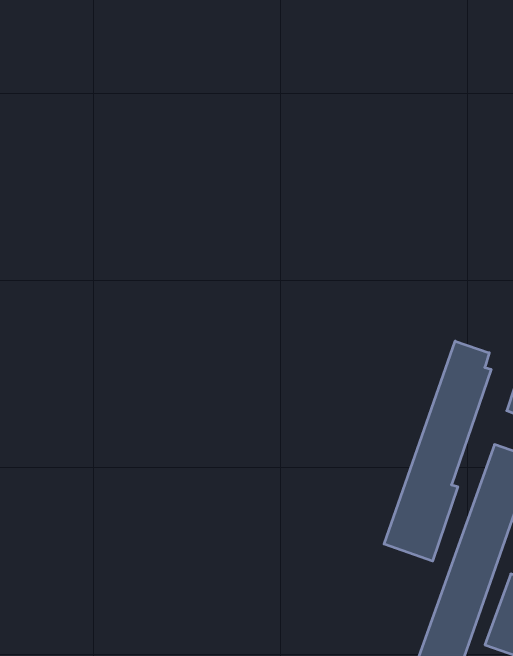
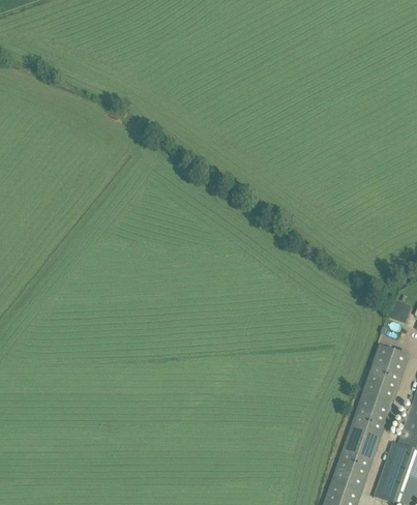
building: [384,341,491,561] -> none

